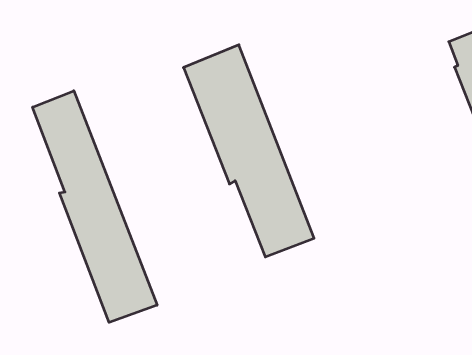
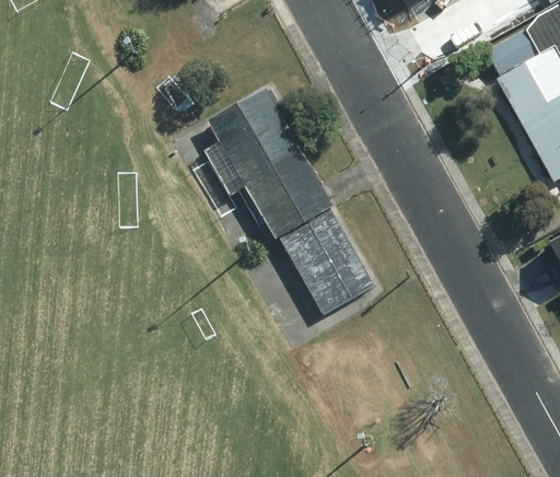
building: [33,91,157,322] -> none

